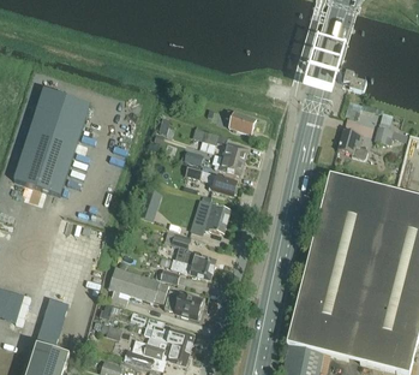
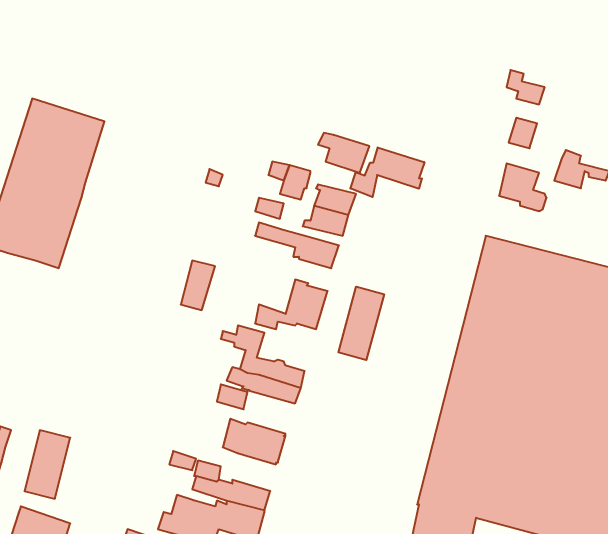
building: none -> [350,147,424,197]
building: none -> [338,287,384,360]
building: [107,267,168,306] -> none

